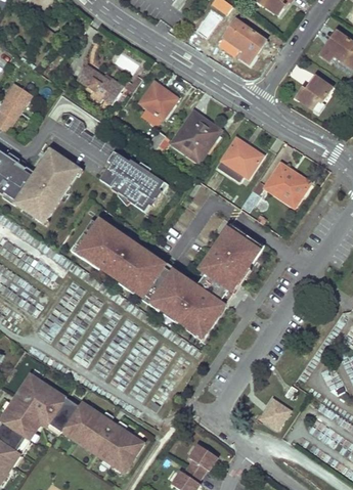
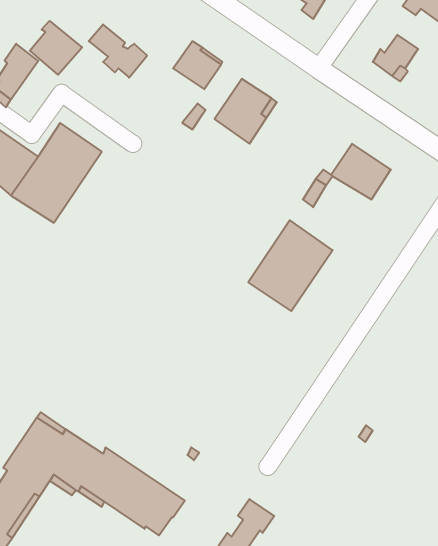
building: none -> [30,21,82,75]
building: [216,137,262,181] -> none
building: [94,150,164,215] -> none
building: [60,206,175,309] -> none
building: [153,271,232,346] -> none
building: [259,397,289,428] -> none

